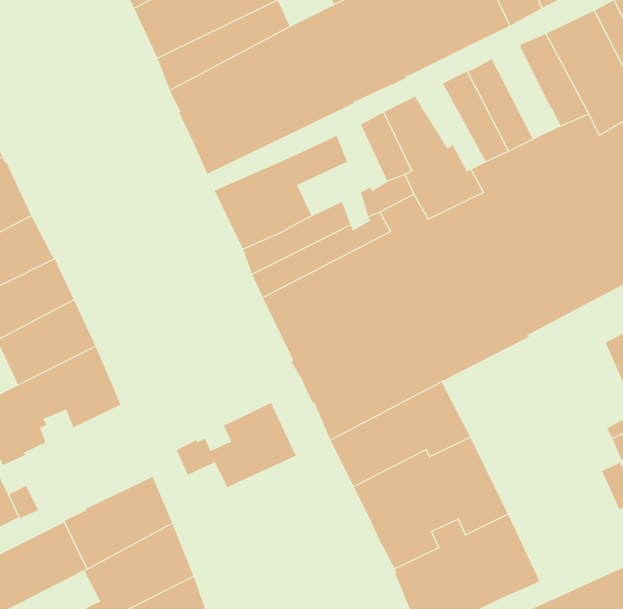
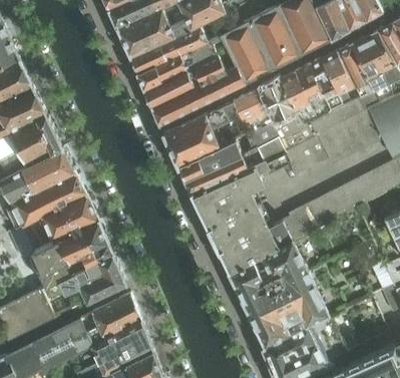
building: none -> [319,52,352,104]
building: none -> [276,73,315,122]
building: none -> [232,96,260,134]
building: [175,402,296,488] -> [56,254,124,302]

